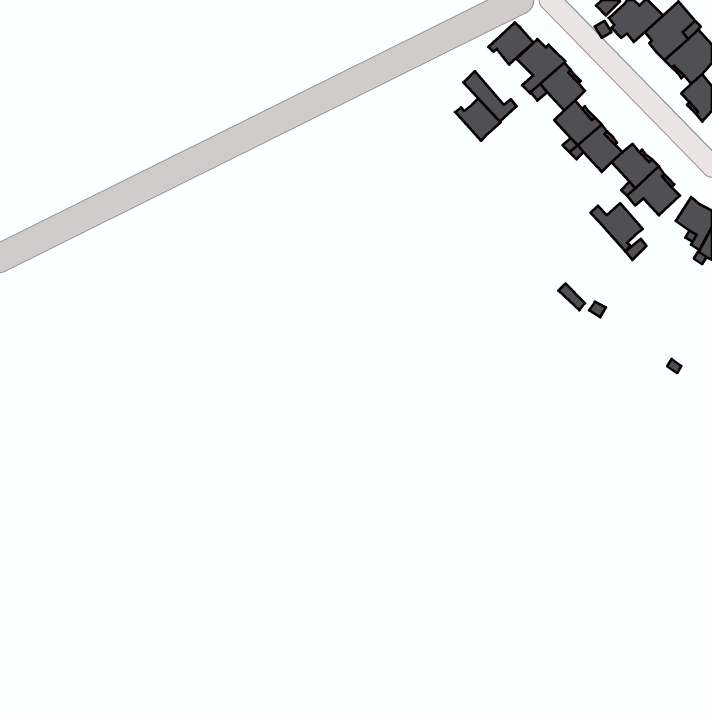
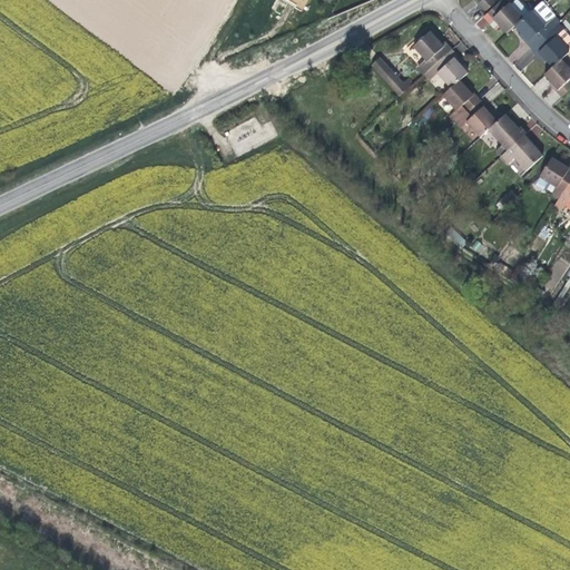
building: [488,22,533,65] -> none
building: [455,99,501,141] -> none
building: [591,203,643,252] -> none

